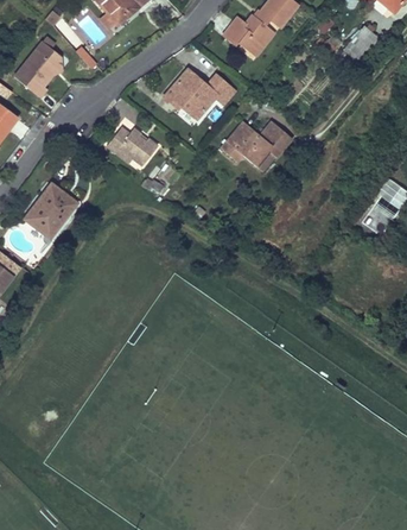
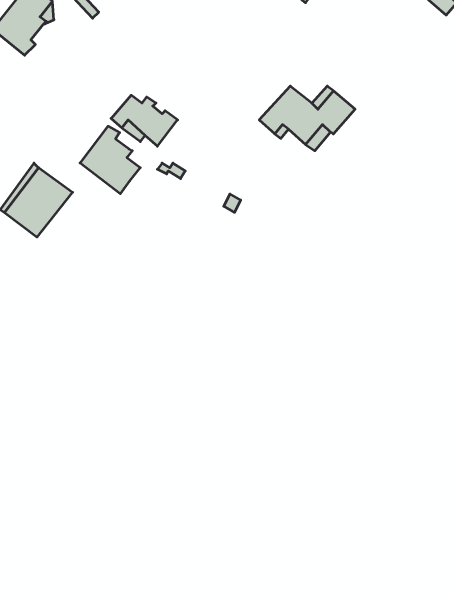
building: [164,69,234,119] -> none
building: none -> [80,126,140,194]

